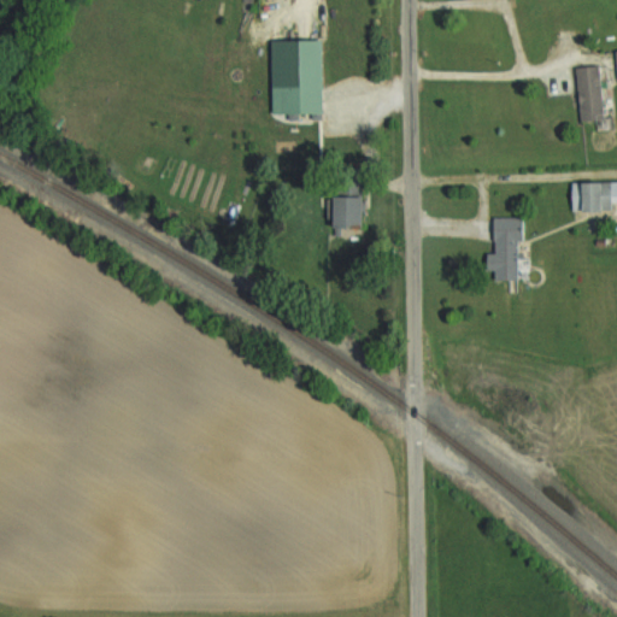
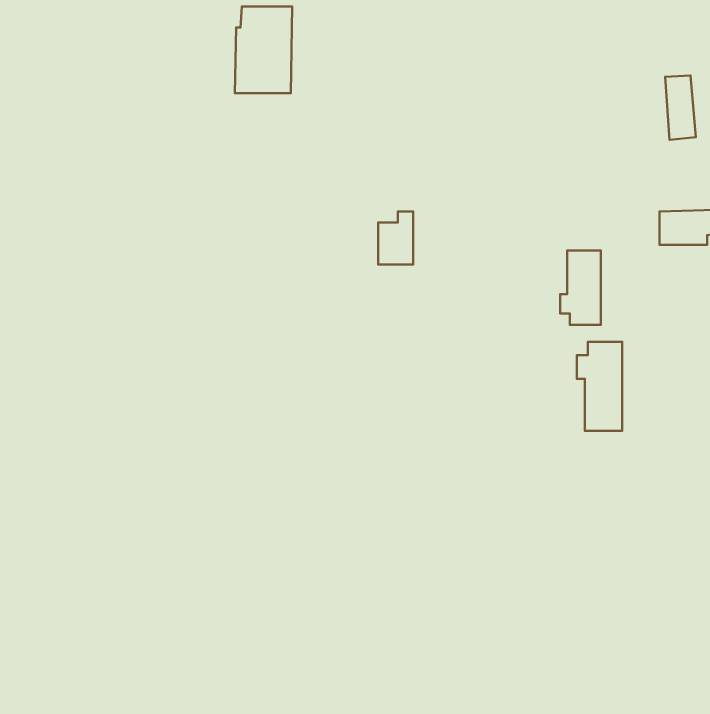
building: [272,41,322,116] -> [235,6,292,93]
building: none -> [577,342,622,431]

